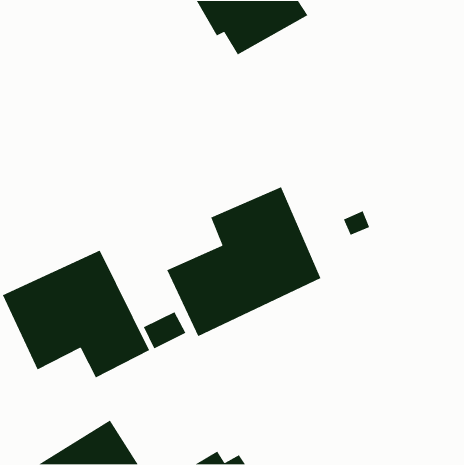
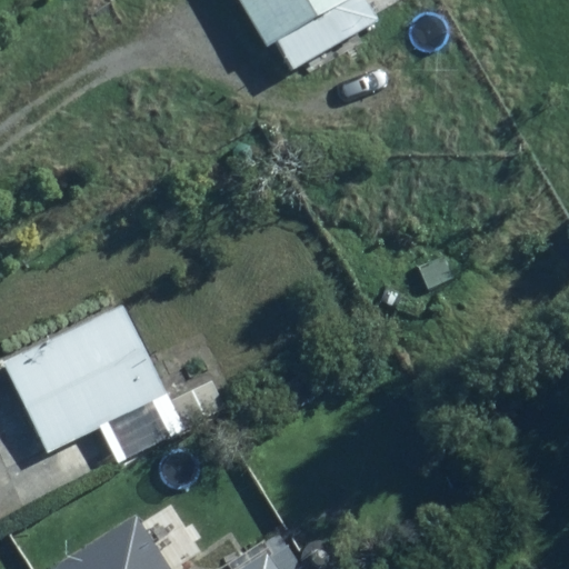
building: [166,186,321,337] -> none

